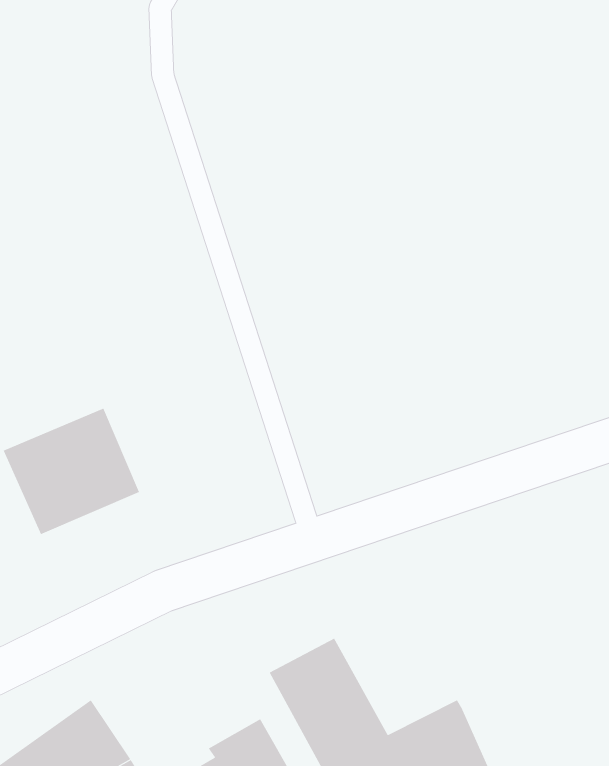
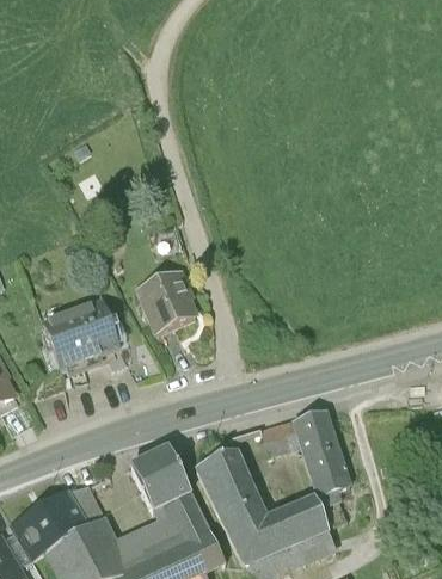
building: none -> [133,265,202,334]
building: none -> [291,406,352,498]
building: none -> [129,446,189,513]

